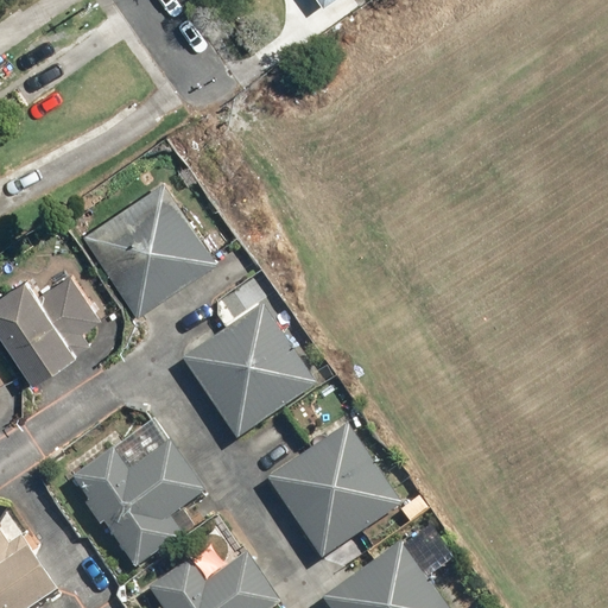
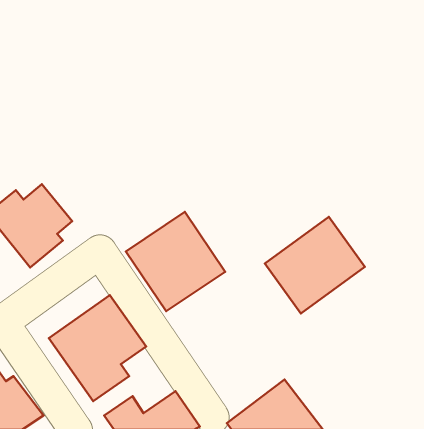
building: [76,173,217,317] -> none
building: none -> [265,217,365,314]
building: [264,425,426,560] -> none

